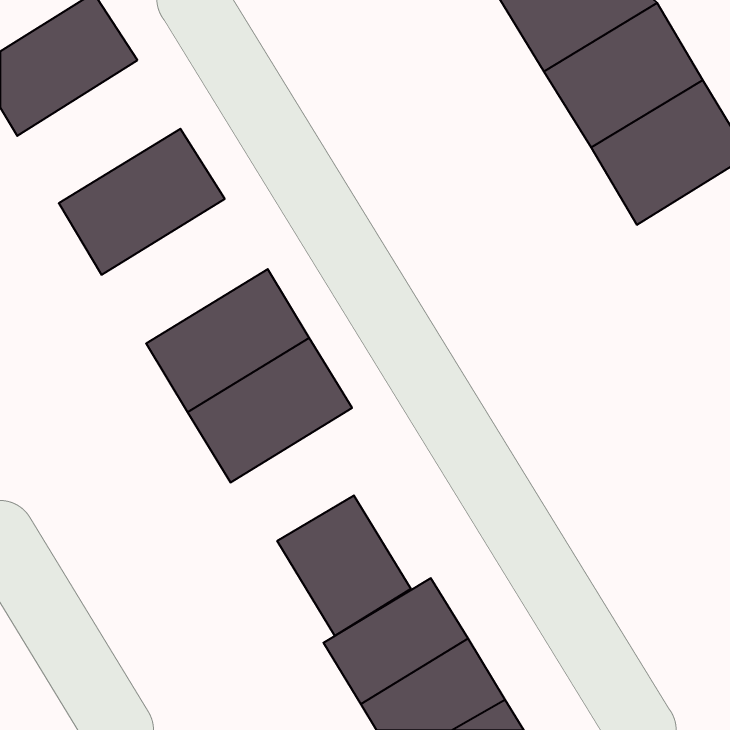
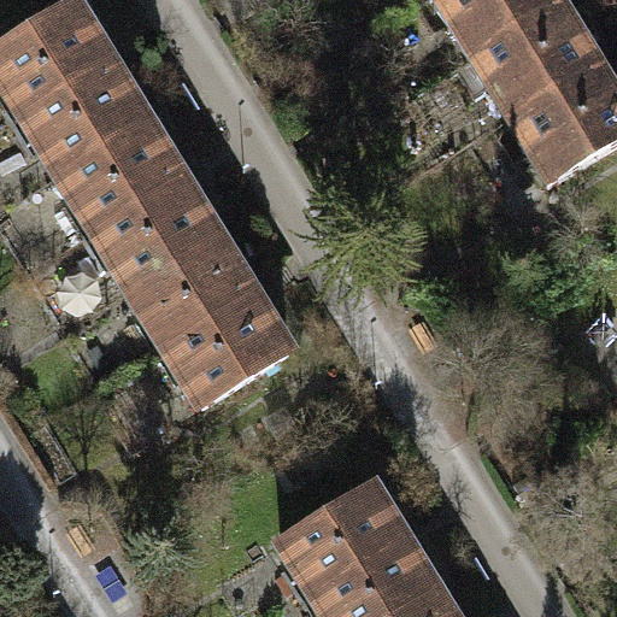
building: none -> [16,51,153,171]
building: none -> [87,168,227,289]
building: [277,495,411,636] -> none

